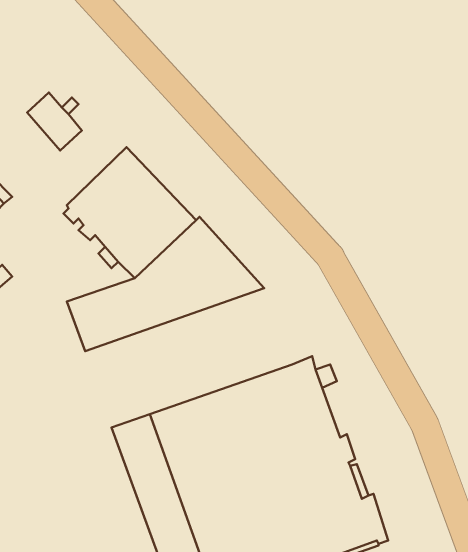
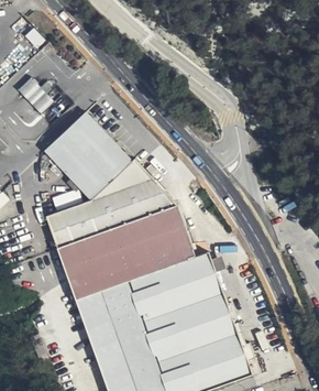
building: none -> [57,206,195,298]

